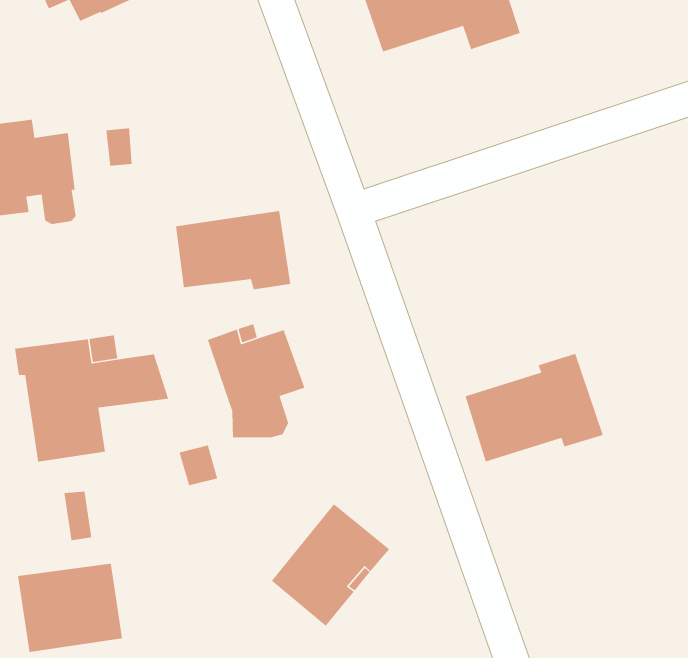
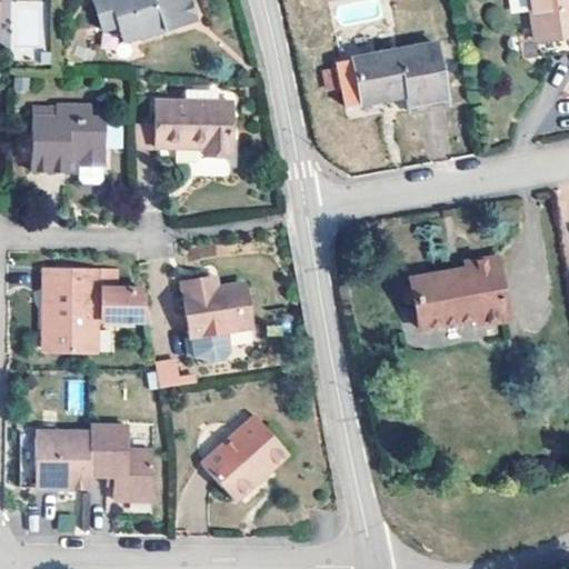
building: [175,210,291,290] -> [157,102,234,157]
building: [464,353,604,463] -> [402,252,498,321]
building: none -> [90,428,153,501]

